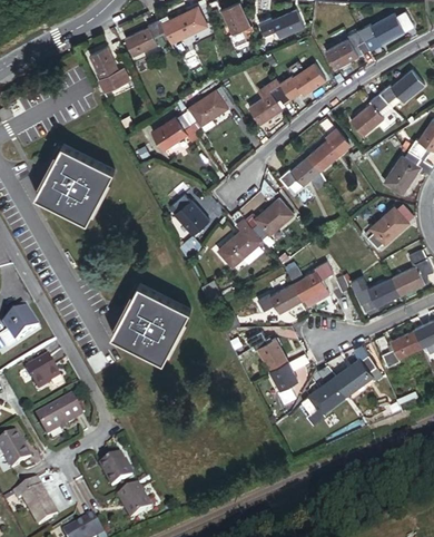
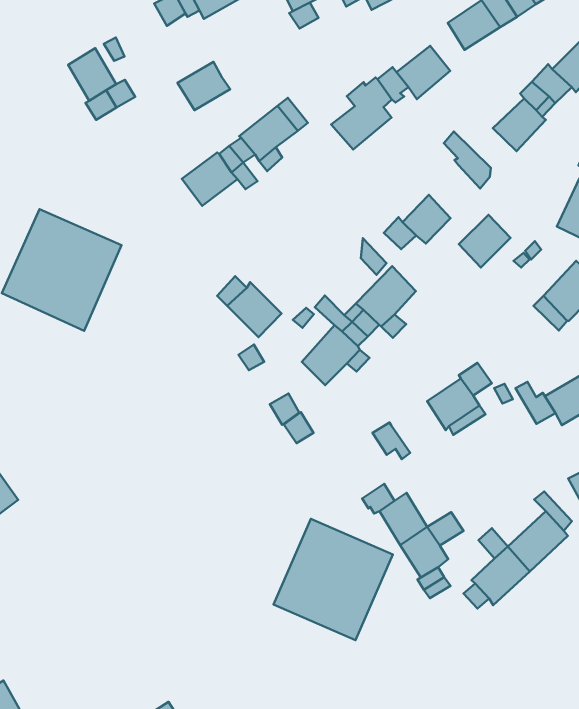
building: [126,27,158,56] -> [178,62,230,110]
building: [307,139,339,172] -> [459,215,510,267]
building: [115,283,191,361] -> [274,519,393,640]
building: [272,284,305,315] -> none
building: [28,358,61,388] -> none
building: [36,398,81,436] -> none

